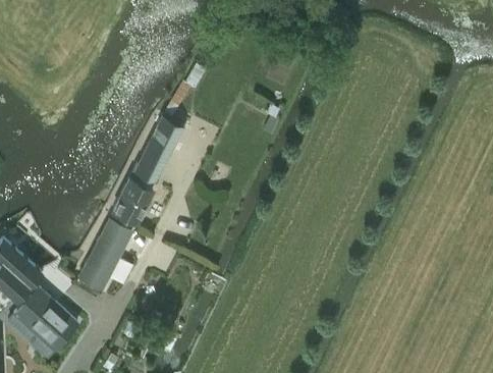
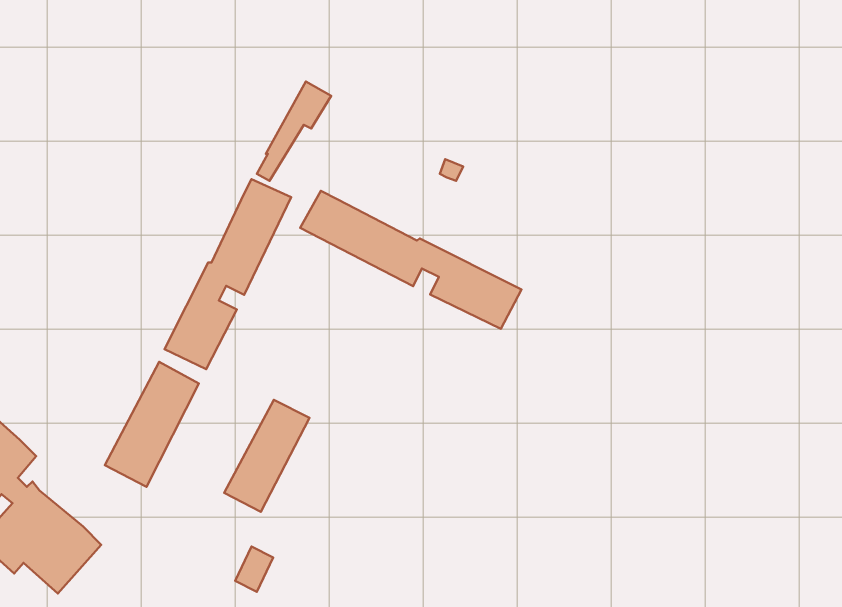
building: none -> [300,191,522,329]
building: none -> [224,400,310,512]

